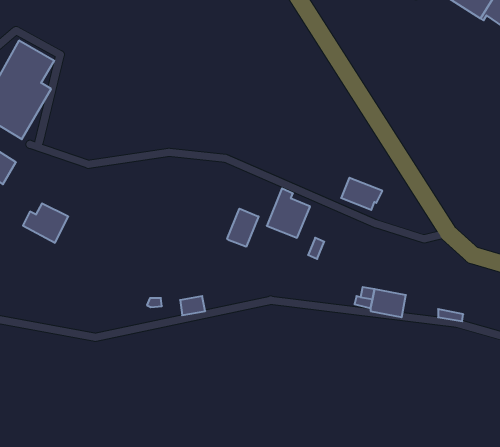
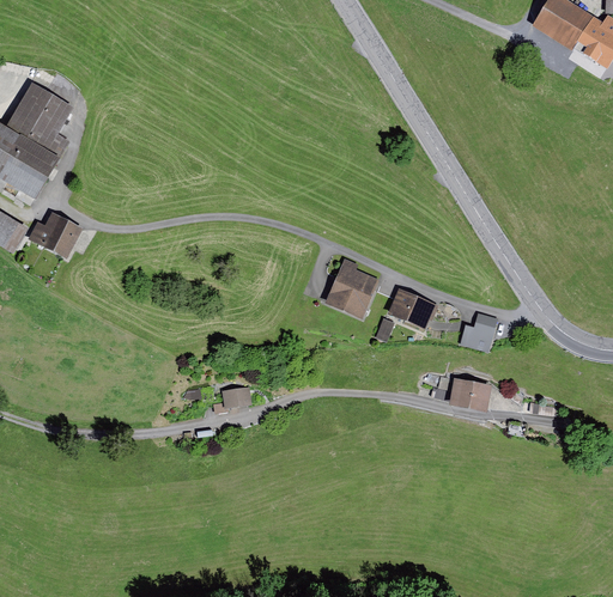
building: [341,178,382,210] -> [389,290,438,328]
building: [23,203,68,243] -> [29,212,83,258]
building: [227,209,259,247] -> none
building: none -> [459,312,497,352]

